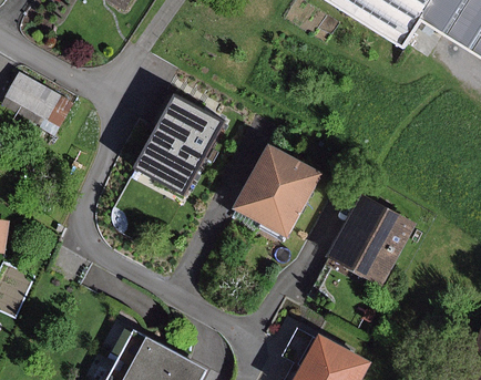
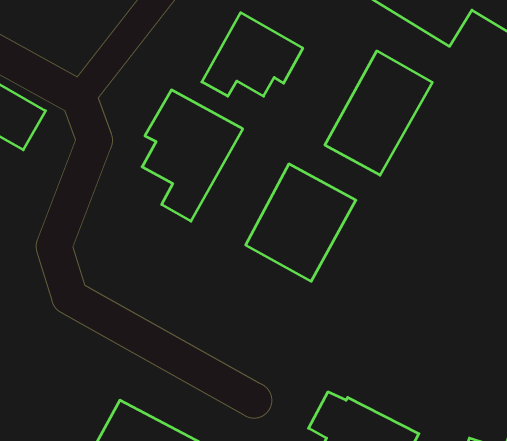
building: none -> [202,13,303,96]
building: none -> [325,51,432,175]
building: [325,194,412,286] -> none

